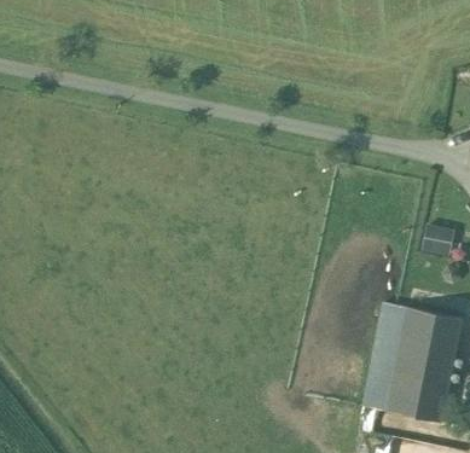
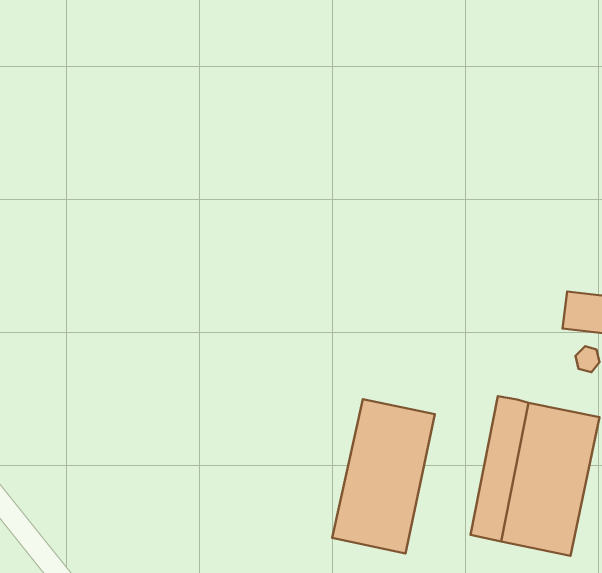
building: none -> [332,399,435,554]

